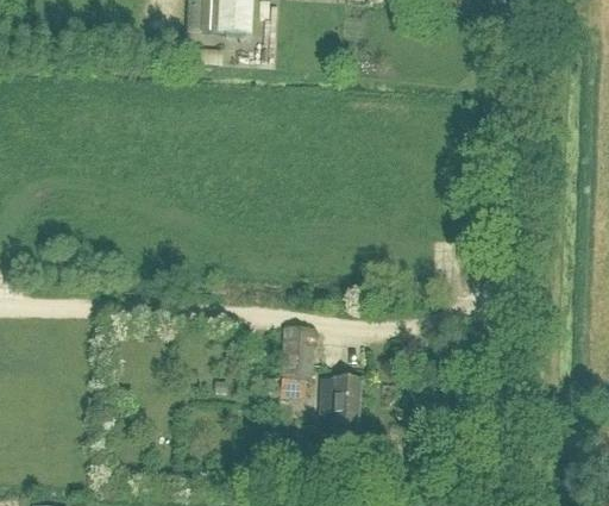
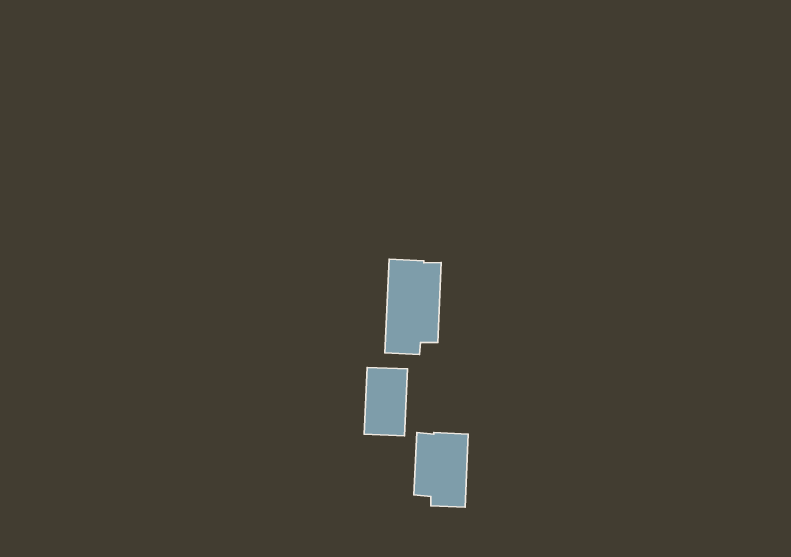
building: none -> [385,259,441,355]

